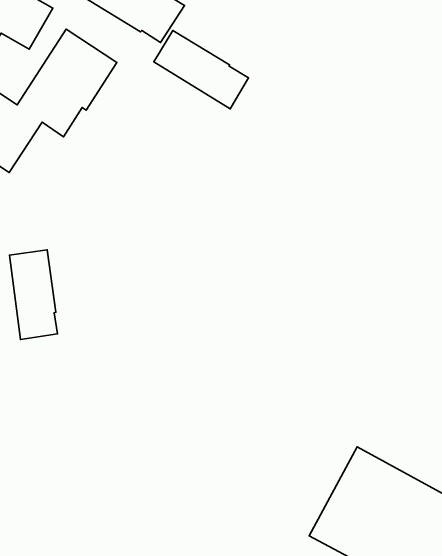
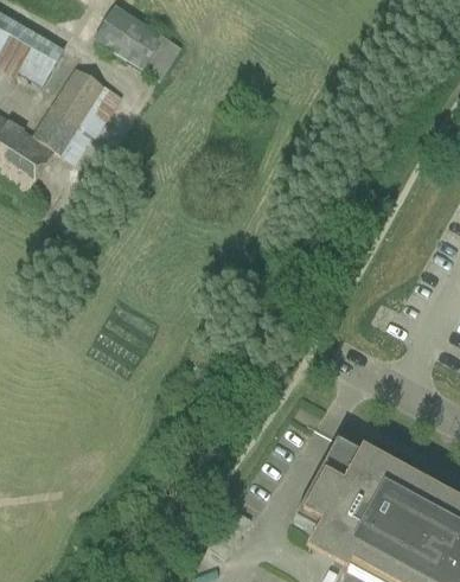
building: [154,30,248,109] -> none
building: [9,250,57,339] -> none

